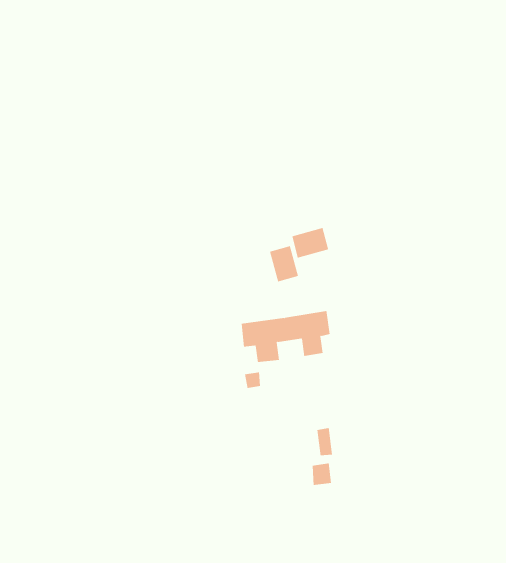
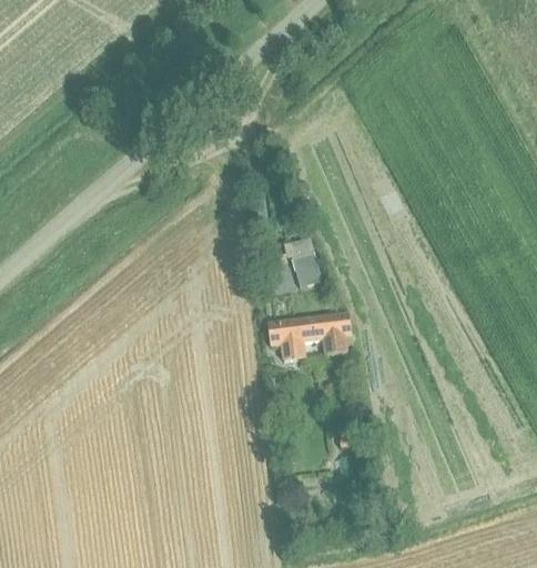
building: [292,227,329,258] -> none

